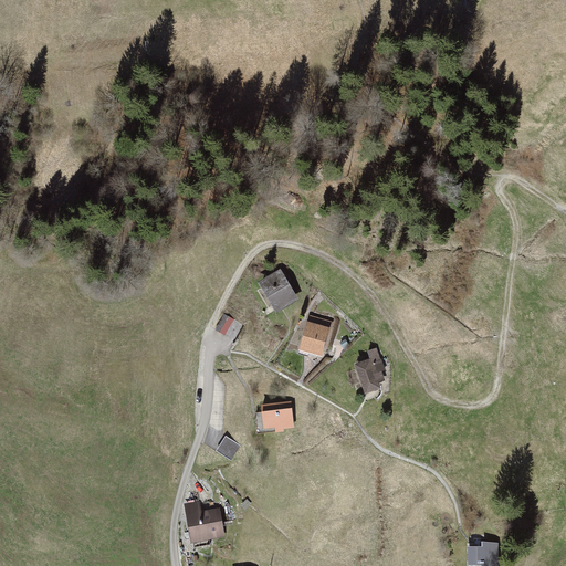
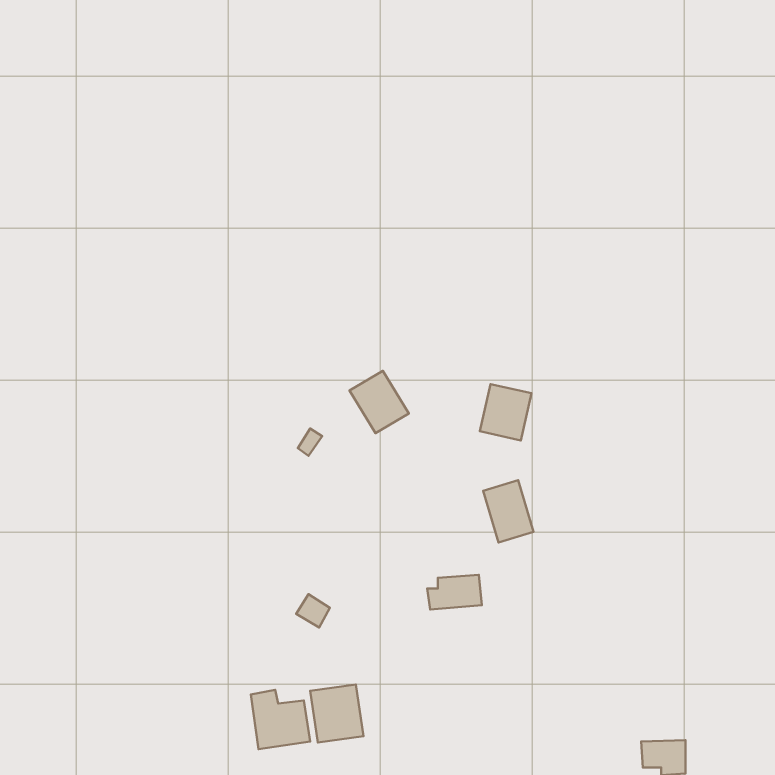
building: [298,315,336,356] -> [480,384,532,440]
building: [253,403,293,429] -> [427,575,482,610]
building: none -> [310,684,363,743]

